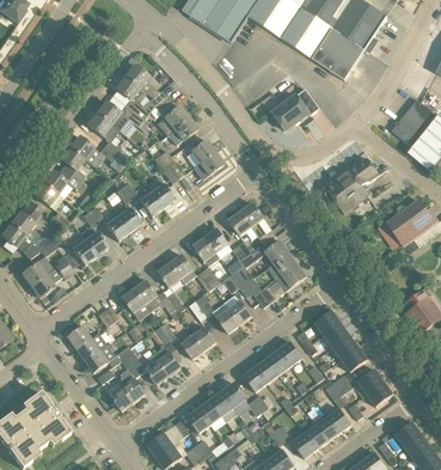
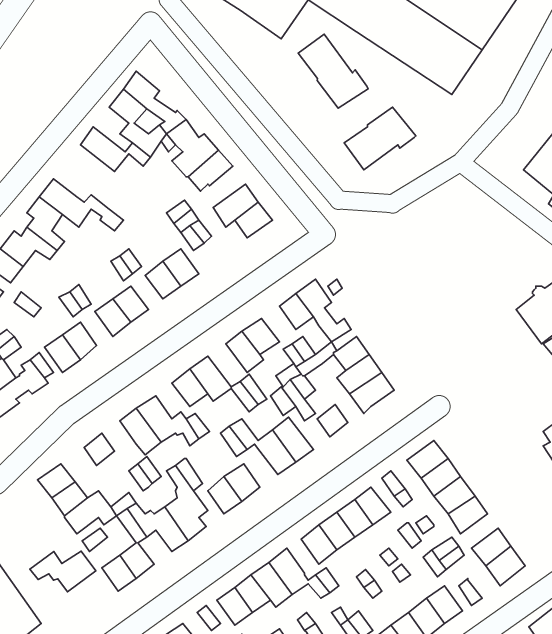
building: none -> [298,34,368,108]
building: [86,112,120,155] -> none
building: [321,158,379,213] -> none
building: none -> [30,551,96,592]

